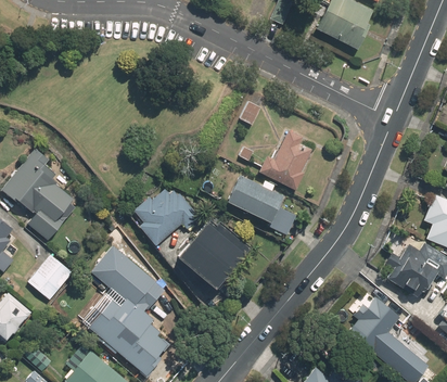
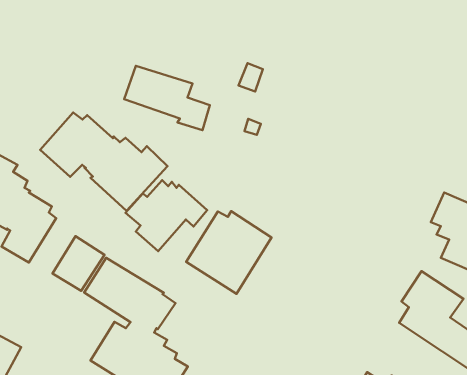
building: none -> [40,112,167,211]
building: [258,130,311,190] -> none
building: [226,175,295,234] -> [124,66,210,130]
building: [27,254,72,300] -> [53,236,104,291]

